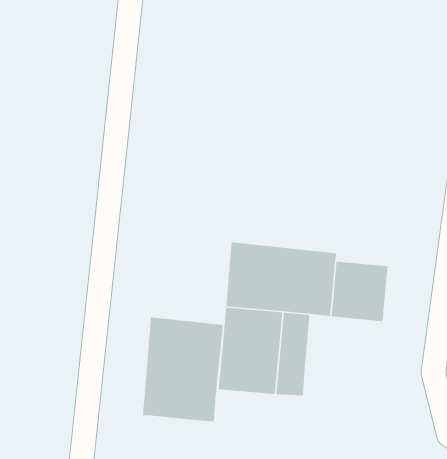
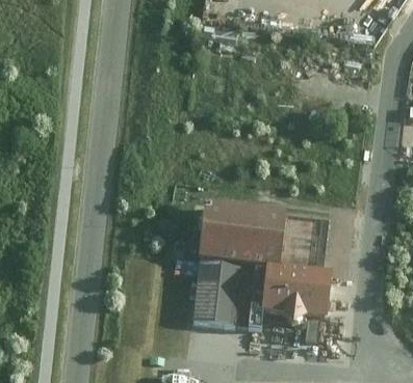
building: none -> [260,258,332,311]
building: [142,317,224,423] -> none

